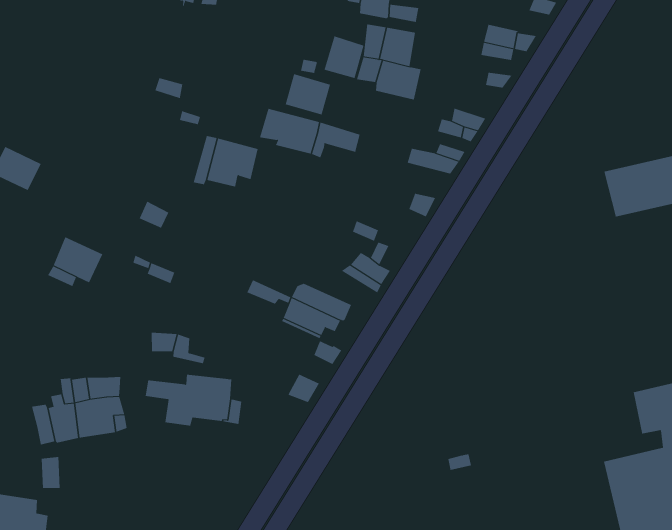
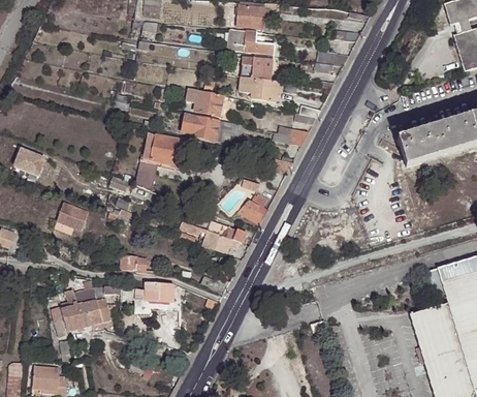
building: [324,35,364,79] -> none
building: none -> [136,161,156,190]

